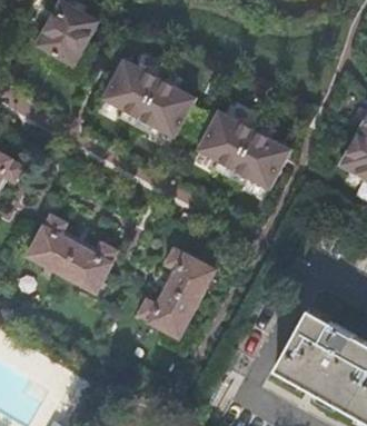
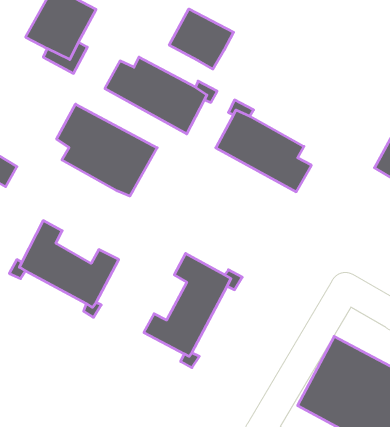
building: none -> [169,9,234,69]
building: none -> [57,104,157,196]

